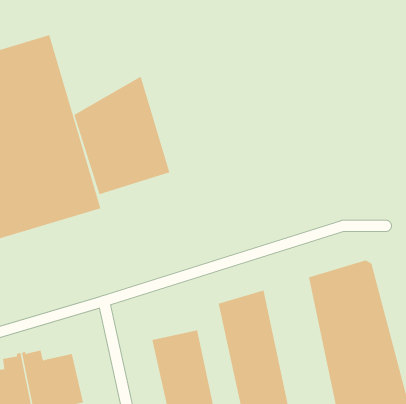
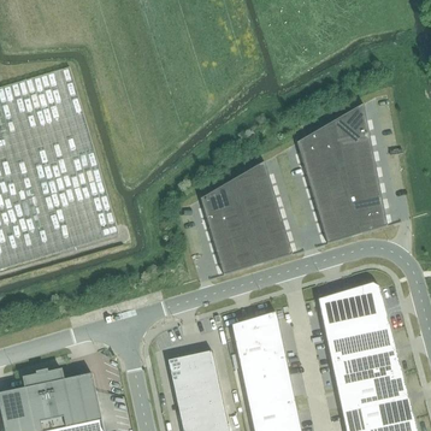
building: none -> [296,104,388,244]
building: [74,76,170,195] -> [200,161,293,276]

